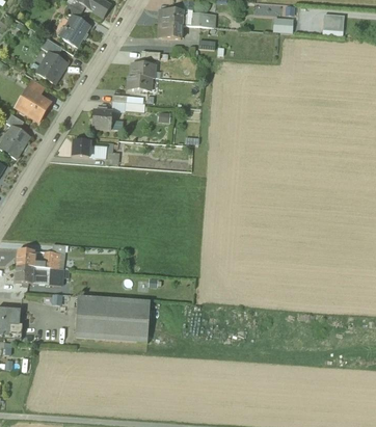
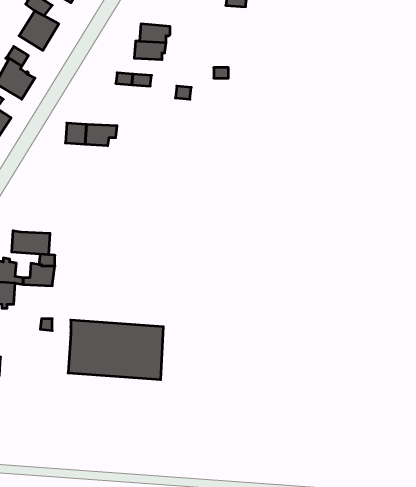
building: [91,106,123,129] -> none
building: [32,265,62,284] -> [12,231,50,255]

